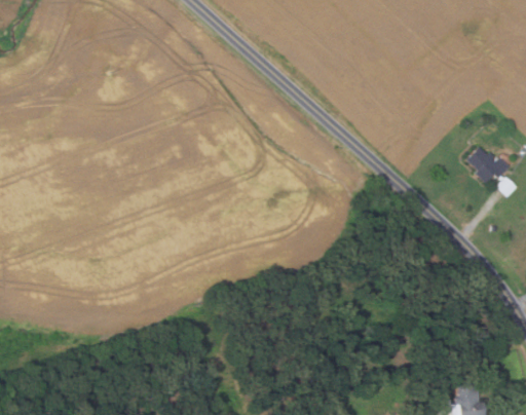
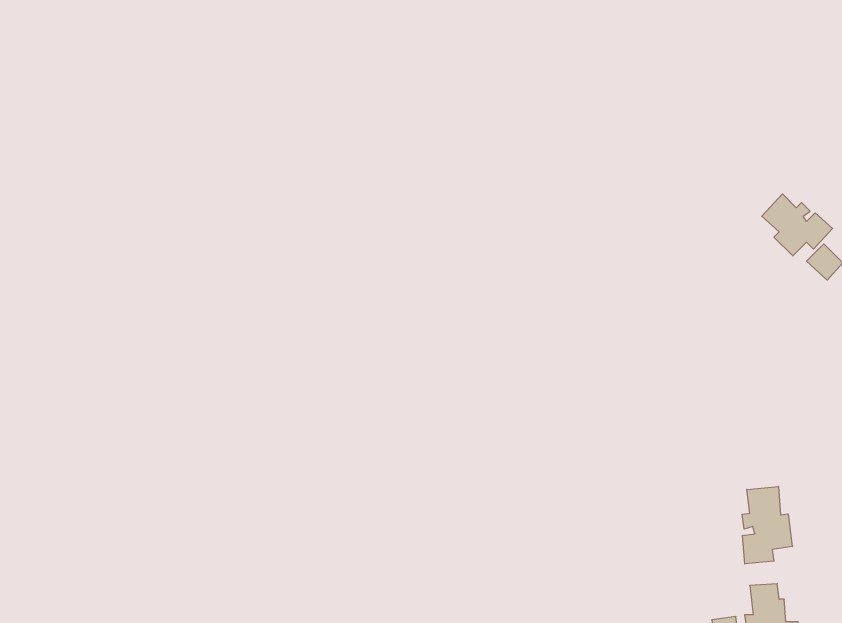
building: none -> [742,486,792,564]

